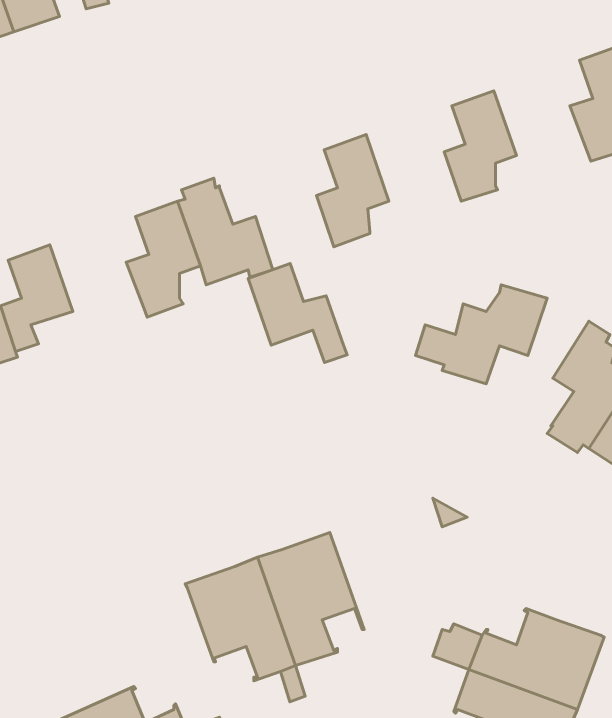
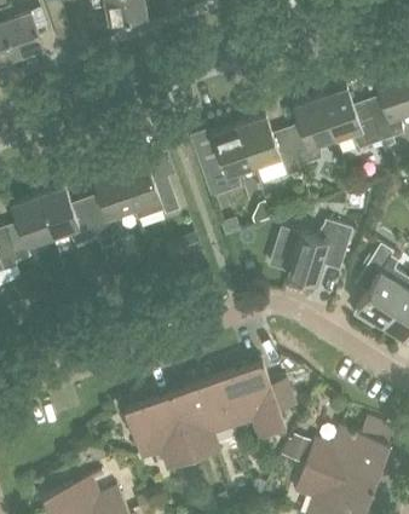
building: none -> [318,86,380,149]
building: none -> [36,185,97,244]
building: [248,263,347,362] -> [237,114,300,177]
building: none -> [214,360,284,439]

